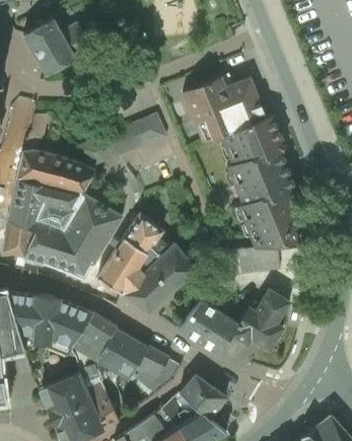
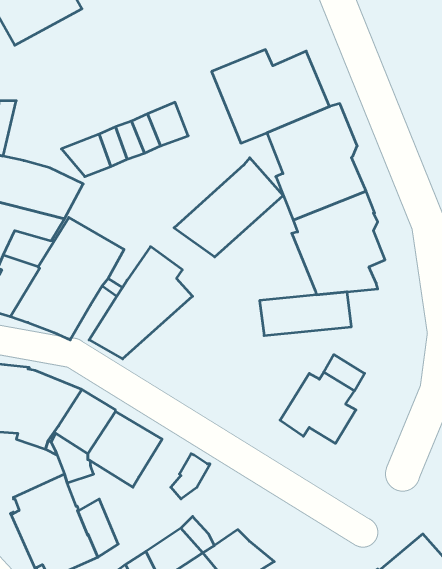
building: [121,243,197,312] -> [174,158,283,257]
building: [179,300,237,355] -> none
building: [132,347,168,387] -> none
building: [180,375,226,419] -> none

